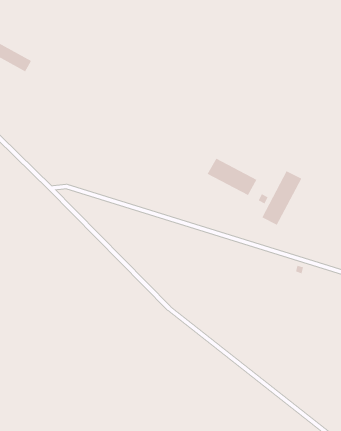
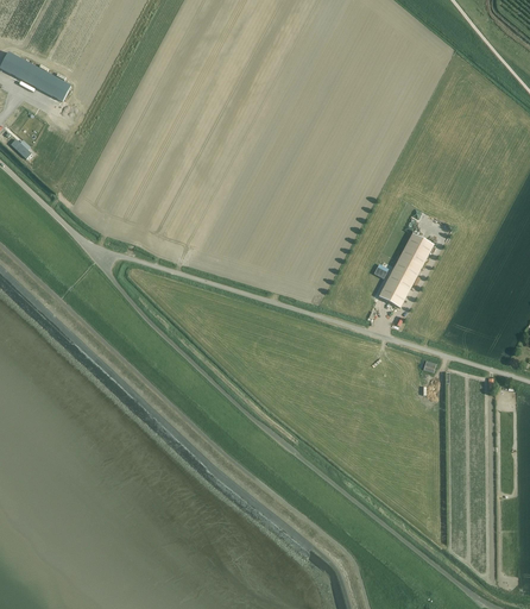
building: [207,158,257,196] -> none

